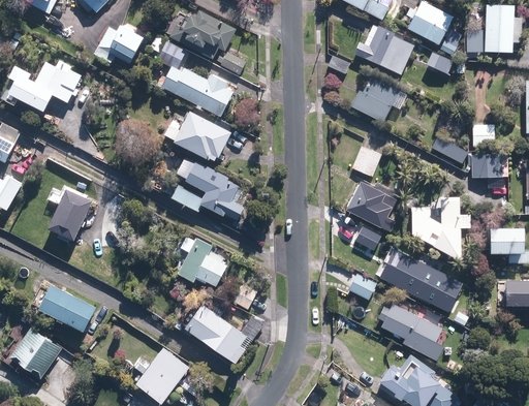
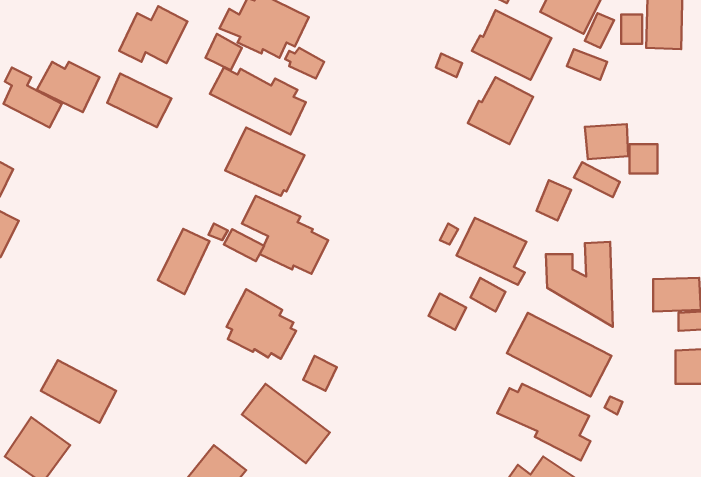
building: none -> [107,74,171,127]
building: [355,148,381,178] -> [536,180,571,220]
building: [470,151,502,177] -> [585,124,628,159]
building: [50,189,88,238] -> [158,229,210,294]
building: [348,272,376,299] -> [429,294,466,330]

